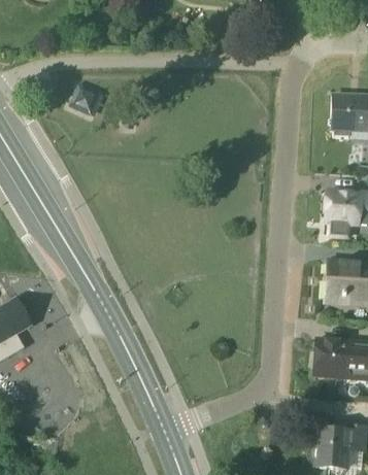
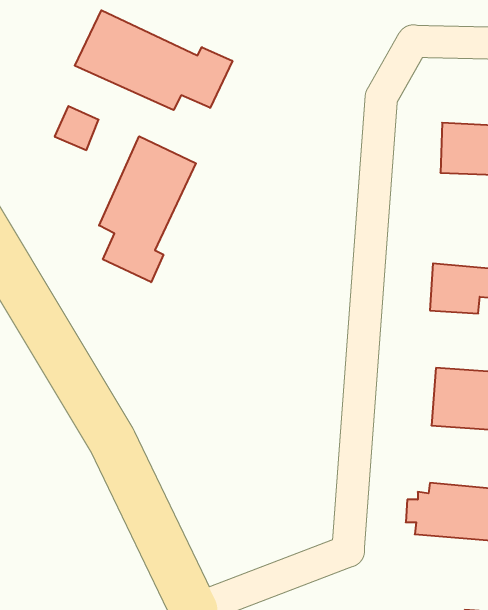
building: none -> [75,10,232,110]
building: none -> [99,136,196,282]

